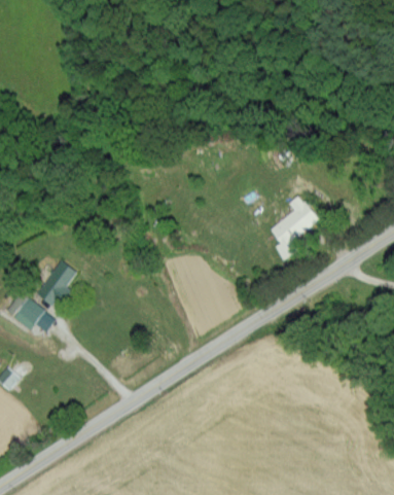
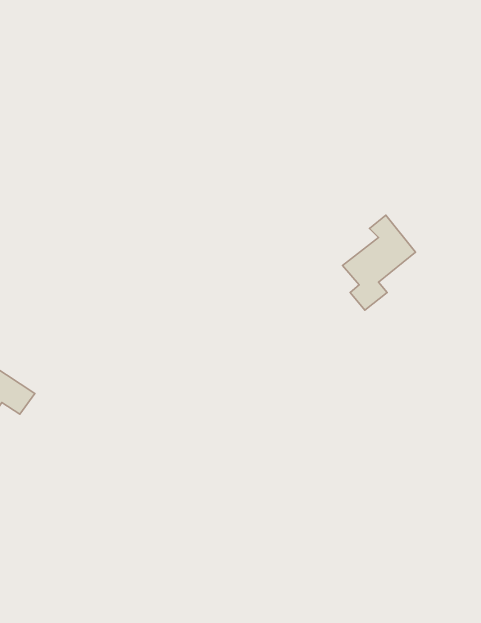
building: [38,260,77,308] -> none

